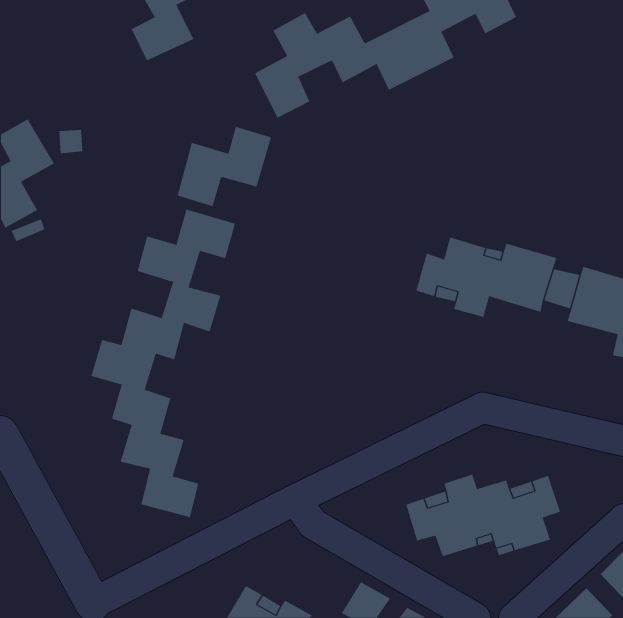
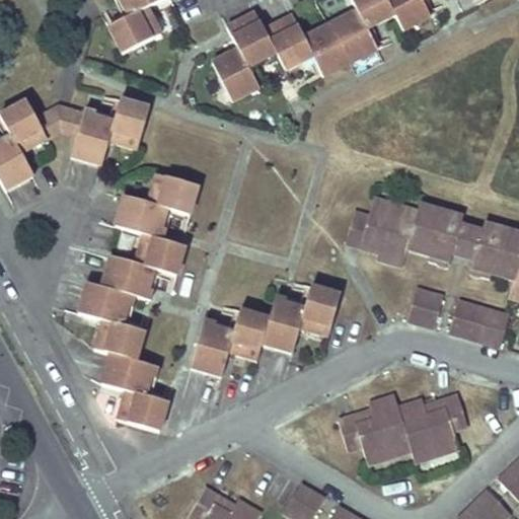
building: [177,126,272,207] -> [71,97,150,164]
building: none -> [192,286,341,374]
building: none -> [407,287,443,326]
building: none -> [449,300,509,346]

